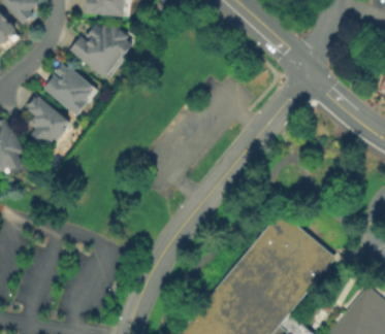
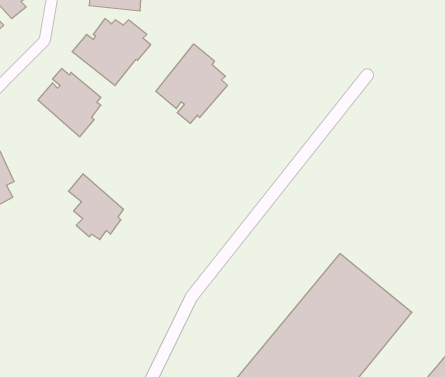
building: none -> [156,44,227,123]
building: [25,94,68,145] -> [68,174,123,240]

